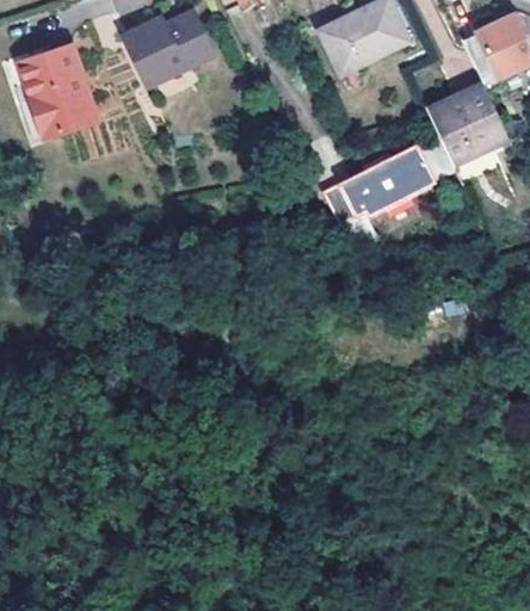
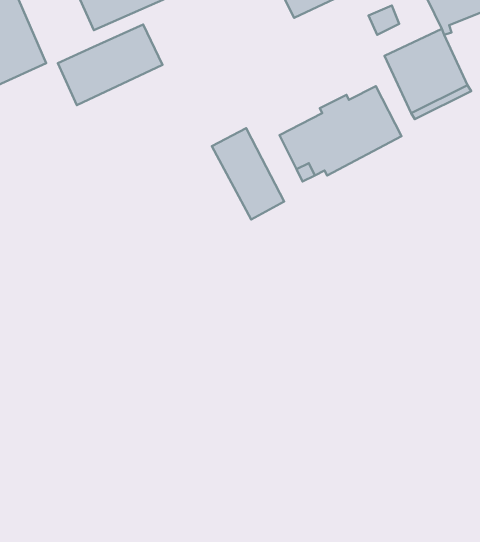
building: none -> [58,25,162,105]
building: none -> [212,128,284,220]

